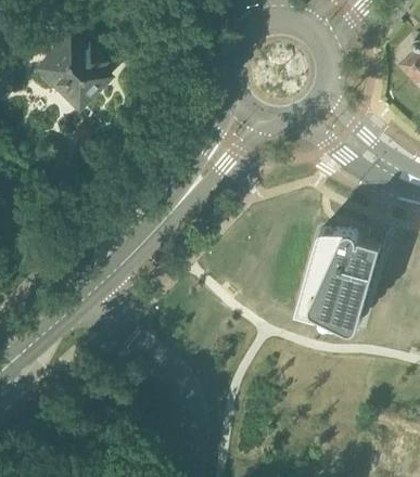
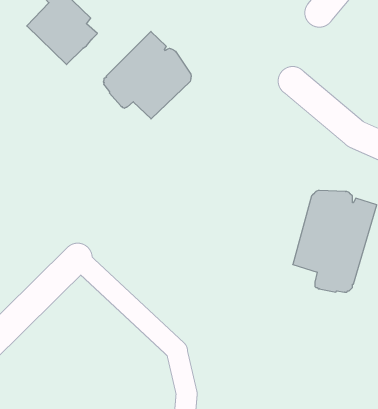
building: none -> [104,31,191,119]

